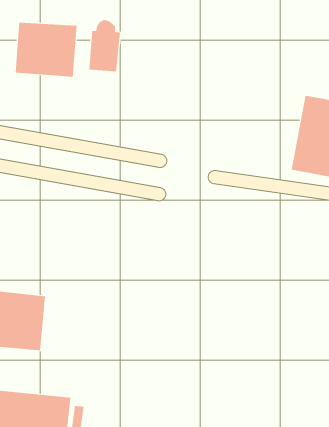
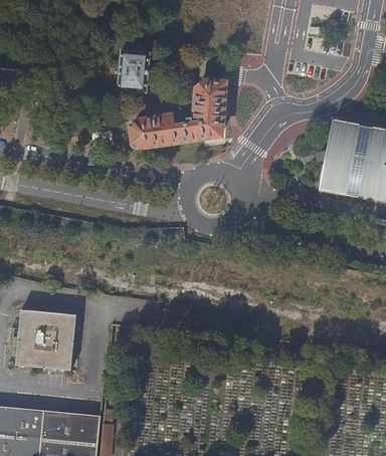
building: [15,22,77,78] -> none
building: none -> [126,82,226,151]

